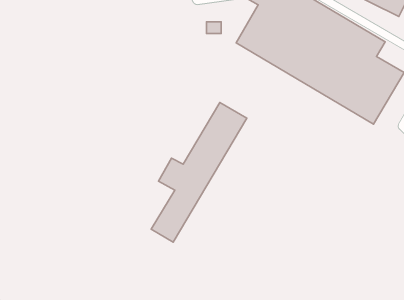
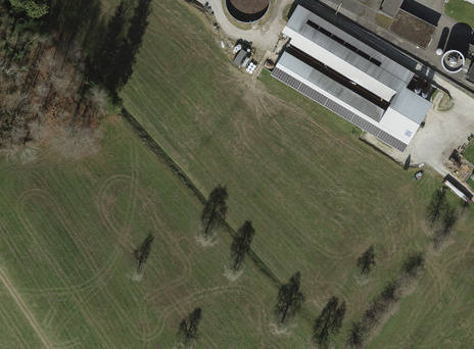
building: [151,102,247,242] -> none

